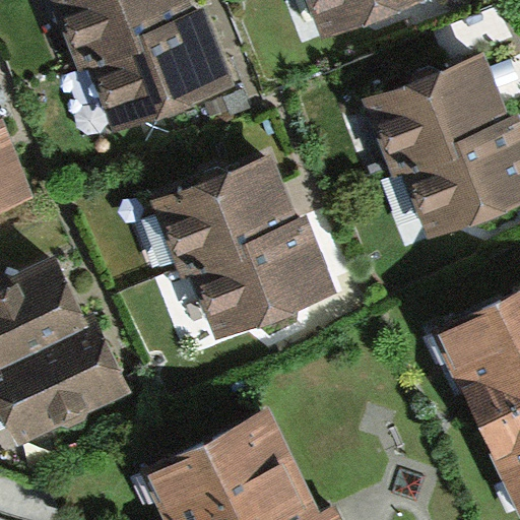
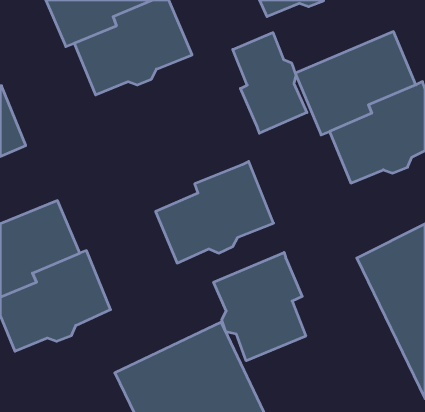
building: none -> [233,33,307,133]
building: [148,152,296,278] -> none
building: none -> [214,252,306,361]

